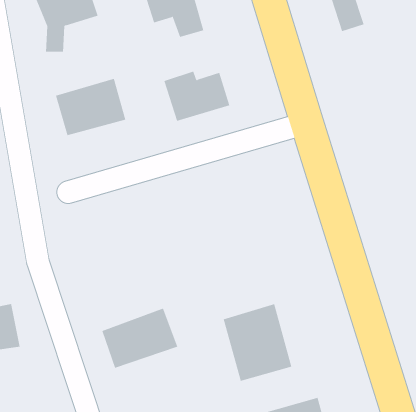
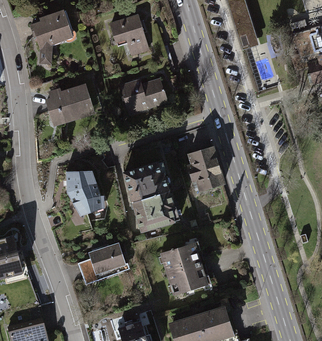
building: none -> [188,148,222,190]
building: none -> [123,159,178,229]
building: none -> [66,172,105,217]

